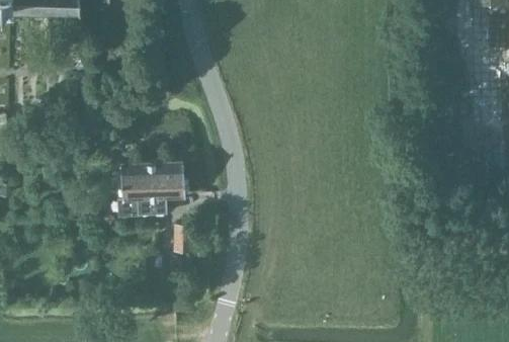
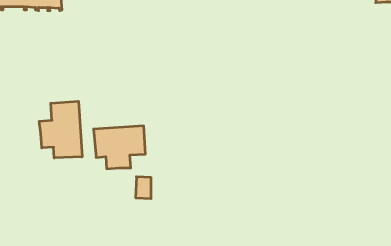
building: none -> [39,101,82,158]

